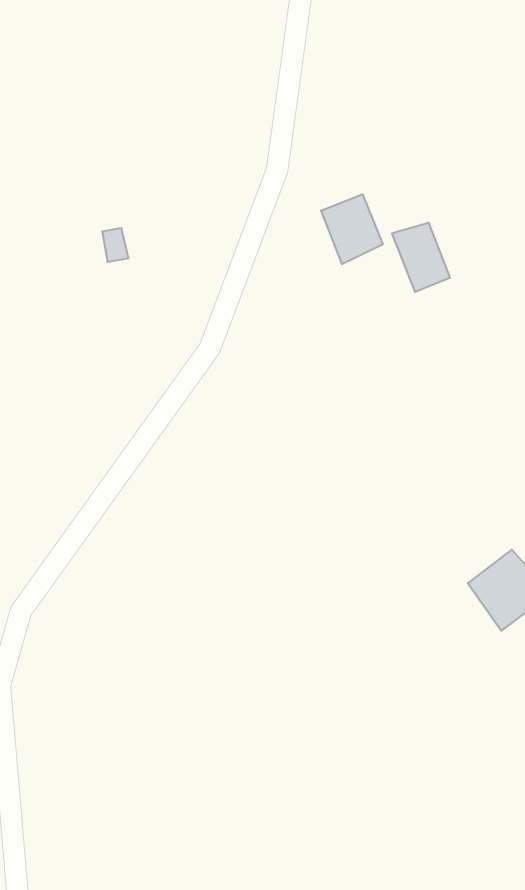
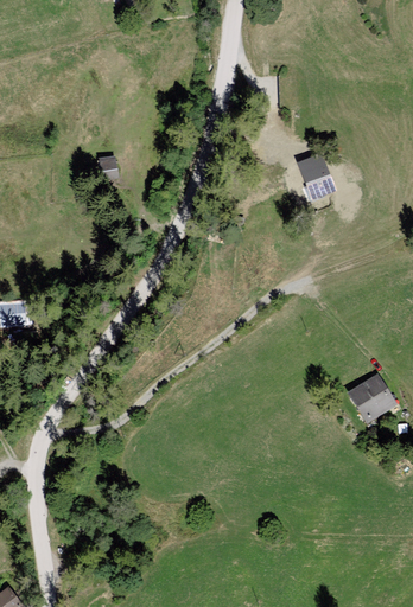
building: [321,194,383,264] -> none

